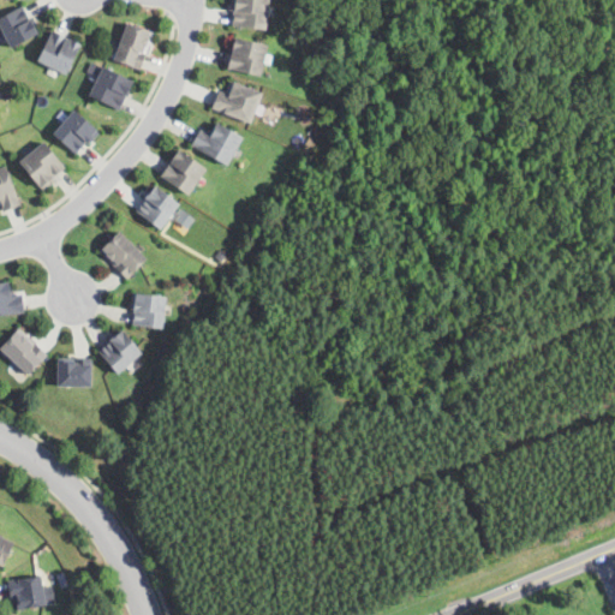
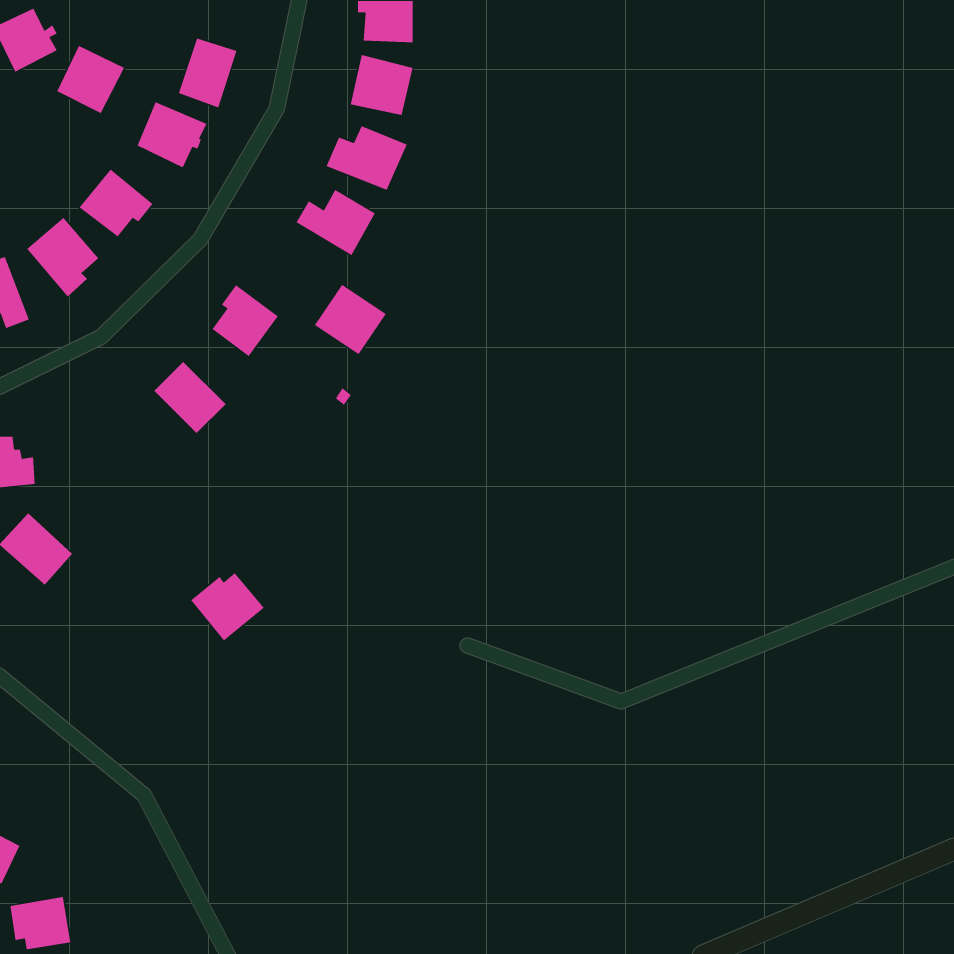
building: [159,150,205,196] -> [314,284,387,355]
building: [131,293,166,329] -> none
building: [94,330,142,375] -> [190,572,265,641]
building: [56,360,90,388] -> none

